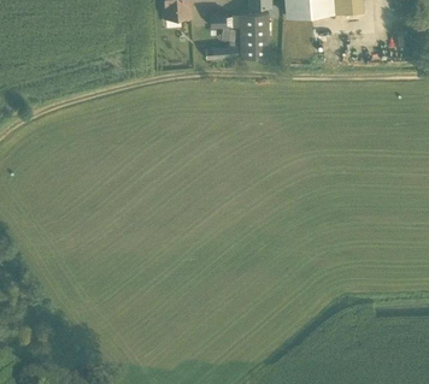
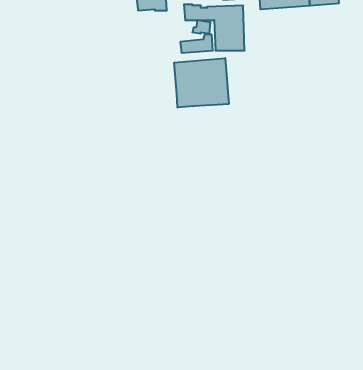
building: none -> [174,58,229,108]

